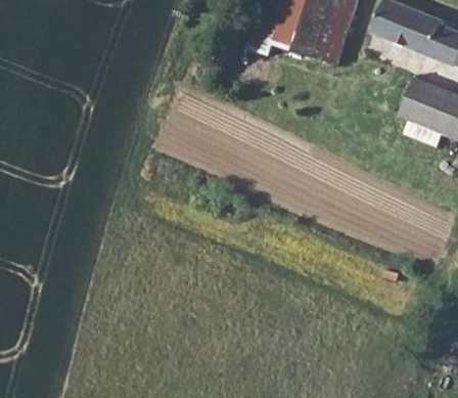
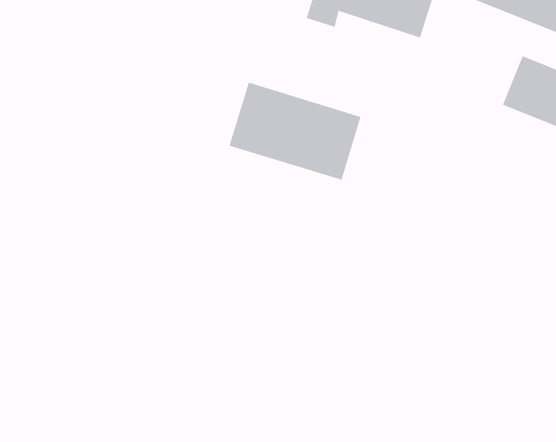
building: none -> [229,82,361,181]

